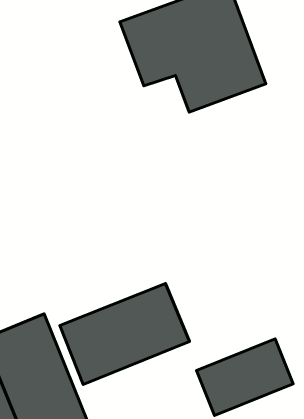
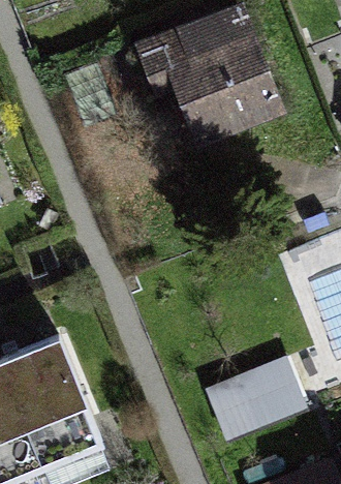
building: [60,283,189,385] -> none

